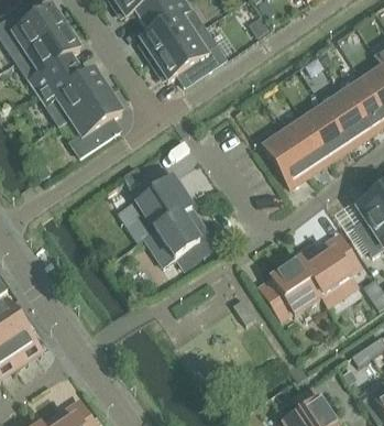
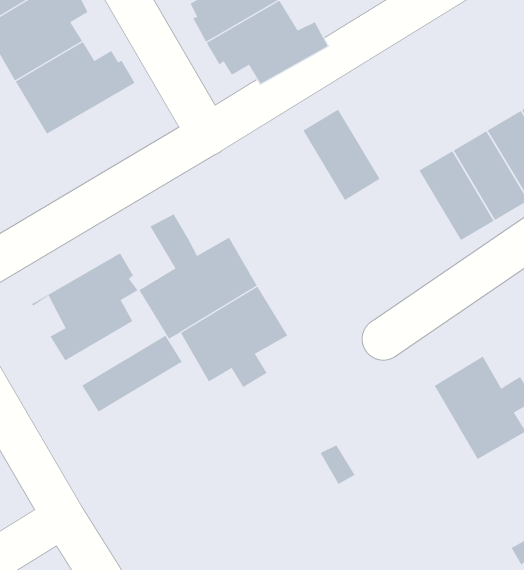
building: [58,87,122,154] -> [31,252,138,361]
building: [262,130,310,185] -> [303,109,380,201]
building: none -> [82,335,182,413]
building: [271,259,328,317] -> none

